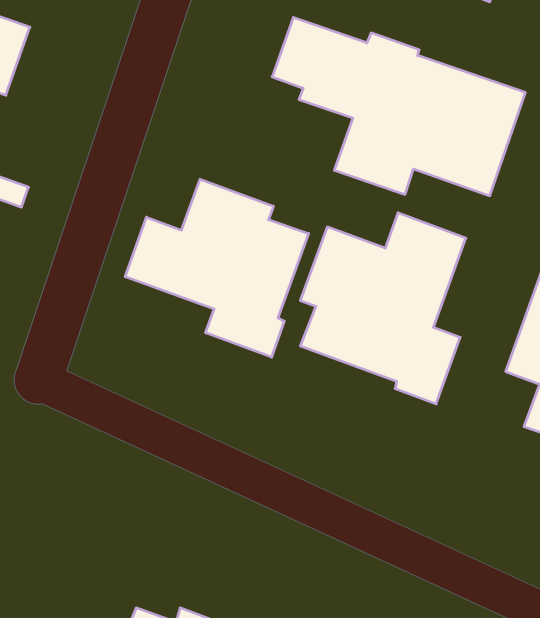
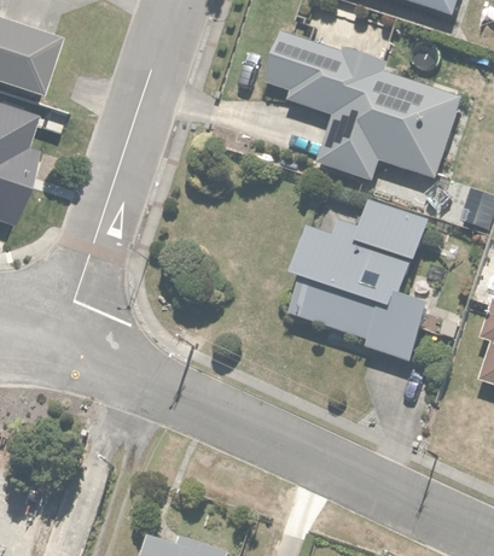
building: [125,179,309,357] -> none

